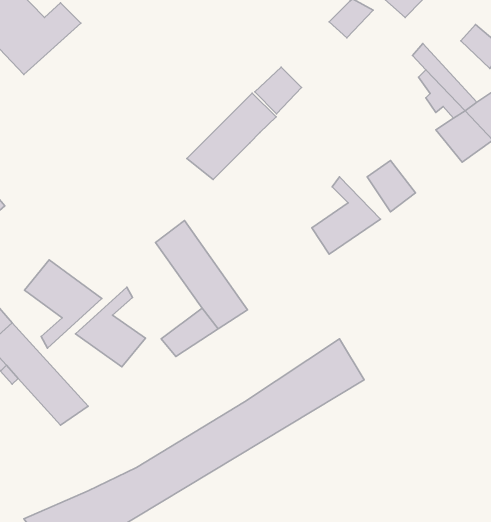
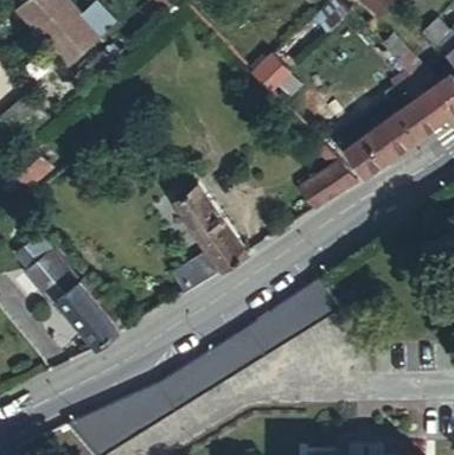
building: [187,93,276,180] -> none
building: none -> [364,107,422,158]
building: [25,260,102,348] -> none
building: [76,287,145,367] -> none

